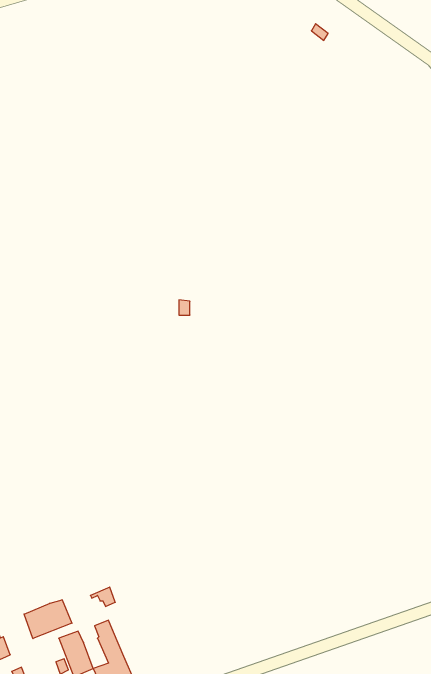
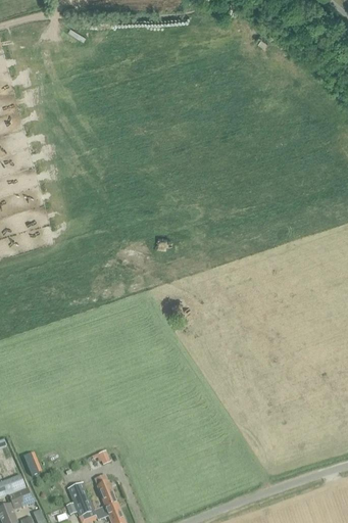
building: [24,600,72,639] -> none

